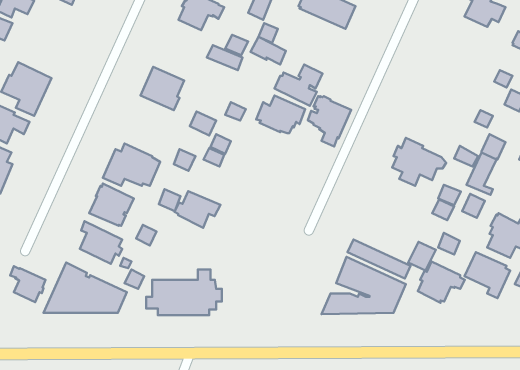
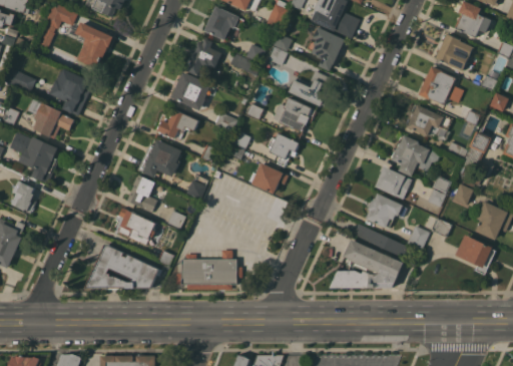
building: none -> [74,22,113,68]
building: none -> [435,34,473,71]
building: none -> [186,38,221,76]
building: none -> [418,66,464,104]
building: [308,96,351,146] -> [307,27,345,71]
building: none -> [407,104,452,138]
building: none -> [156,109,198,140]
building: none -> [268,133,300,166]
building: none -> [375,166,412,200]
building: [175,191,220,228] -> [248,162,289,195]
building: [418,262,465,303] -> [366,193,407,229]
building: [10,266,46,302] -> none

